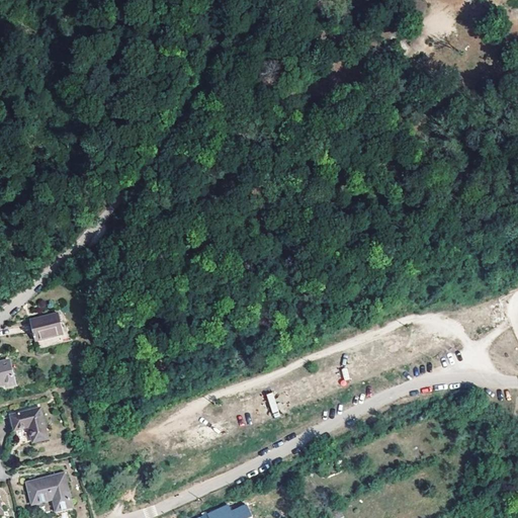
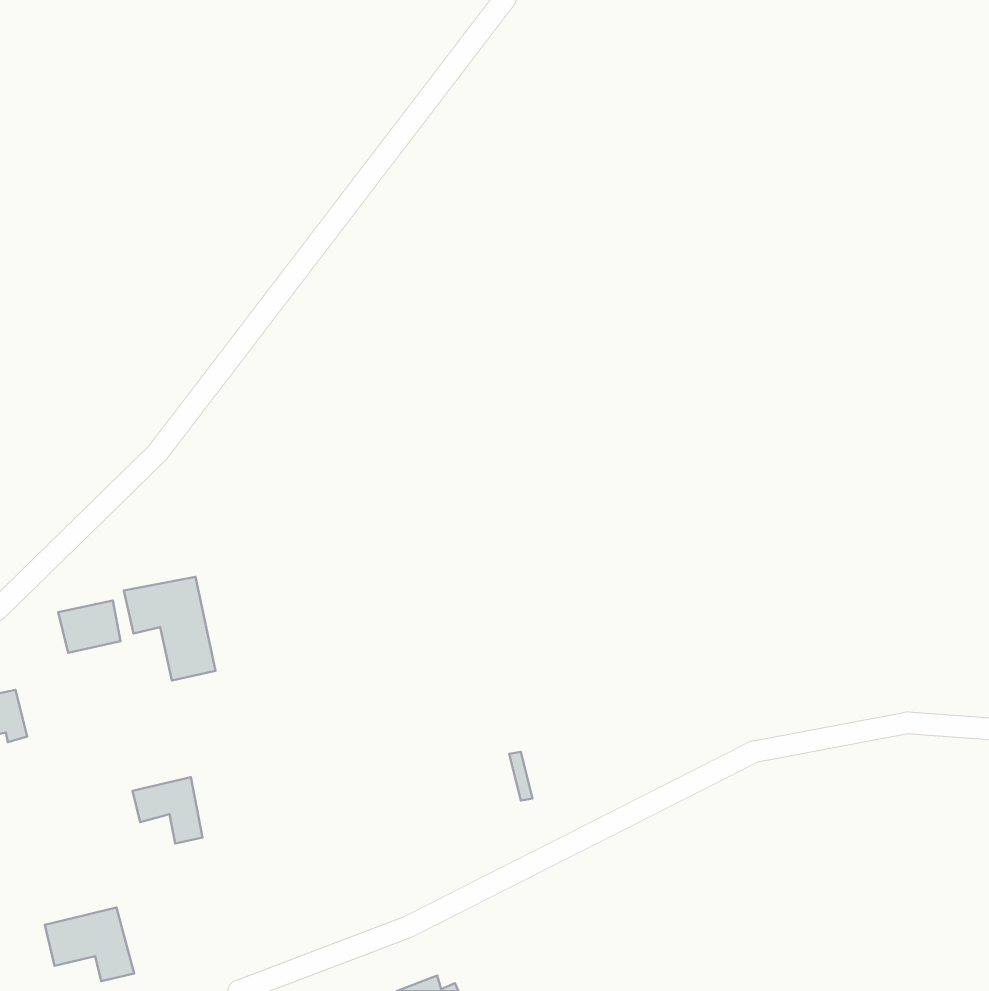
building: none -> [124,577,216,680]
building: [9,407,46,441] -> [133,777,203,843]

